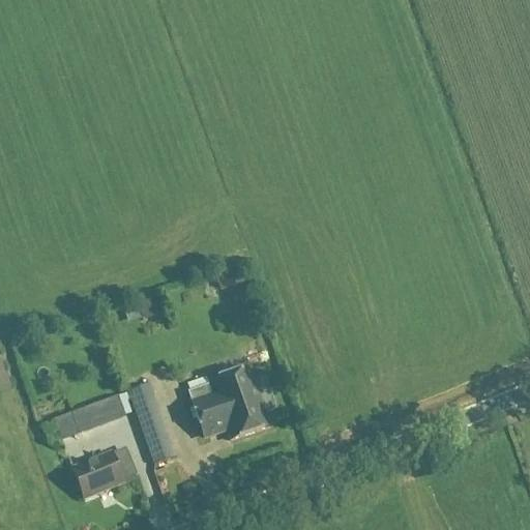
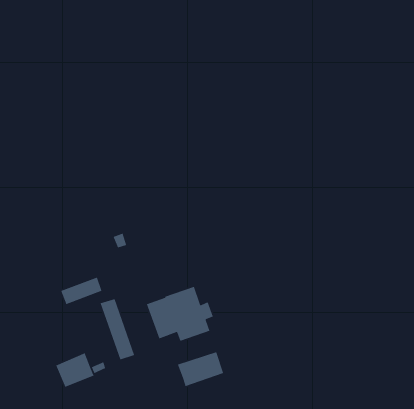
building: [68,394,122,431] -> [60,277,102,305]
building: none -> [177,351,224,387]

